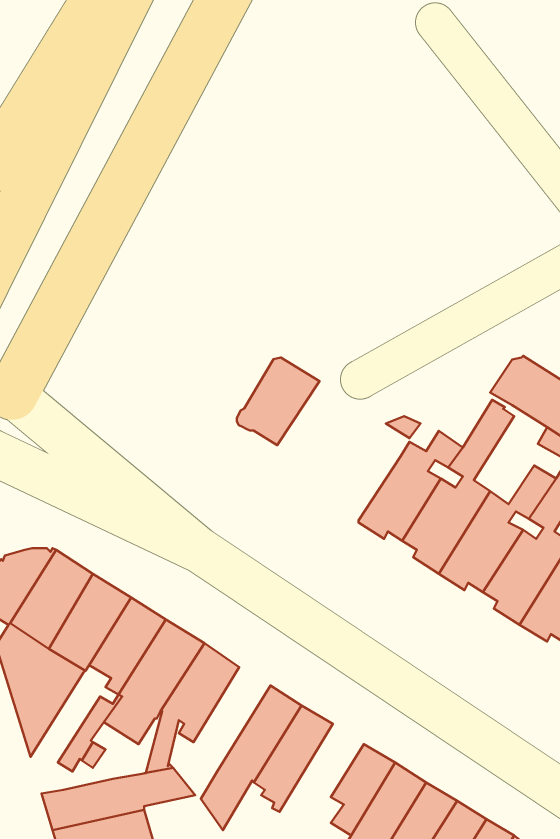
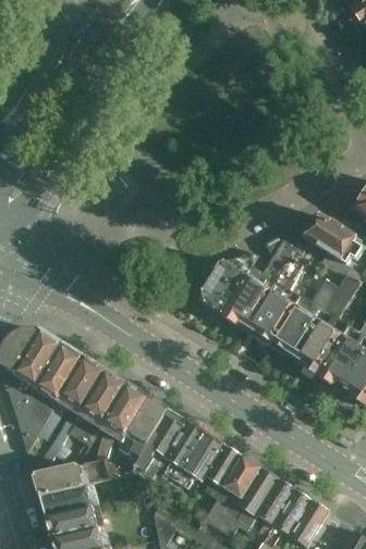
building: [237,357,319,445] -> [197,260,246,312]
building: none -> [264,232,301,269]
building: none -> [120,399,169,461]
building: none -> [174,433,224,489]

